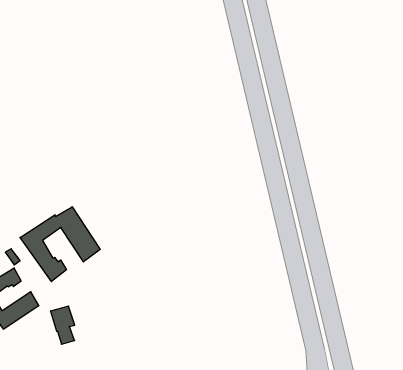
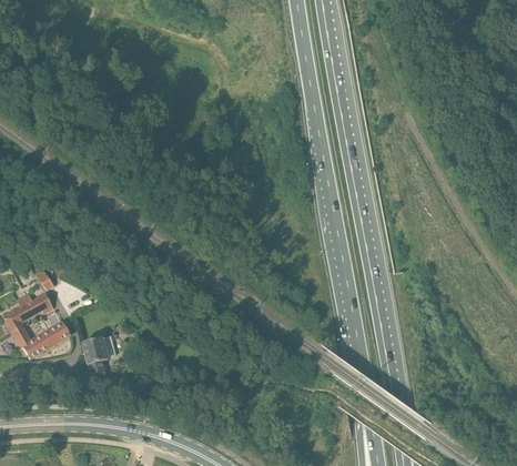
building: [20,207,100,282] -> none

